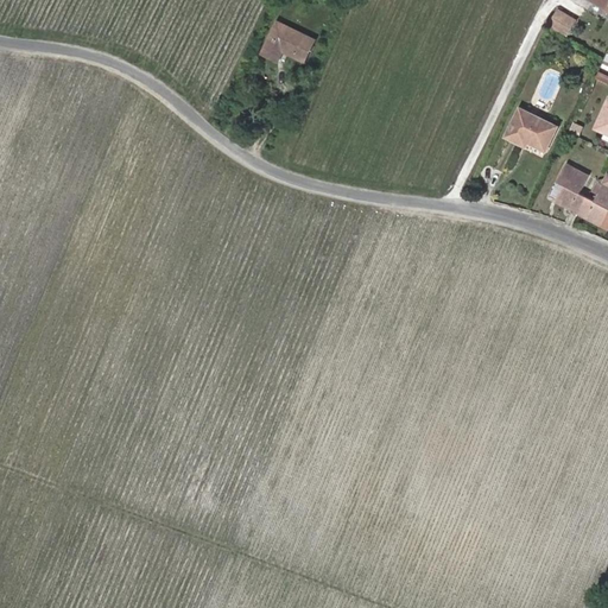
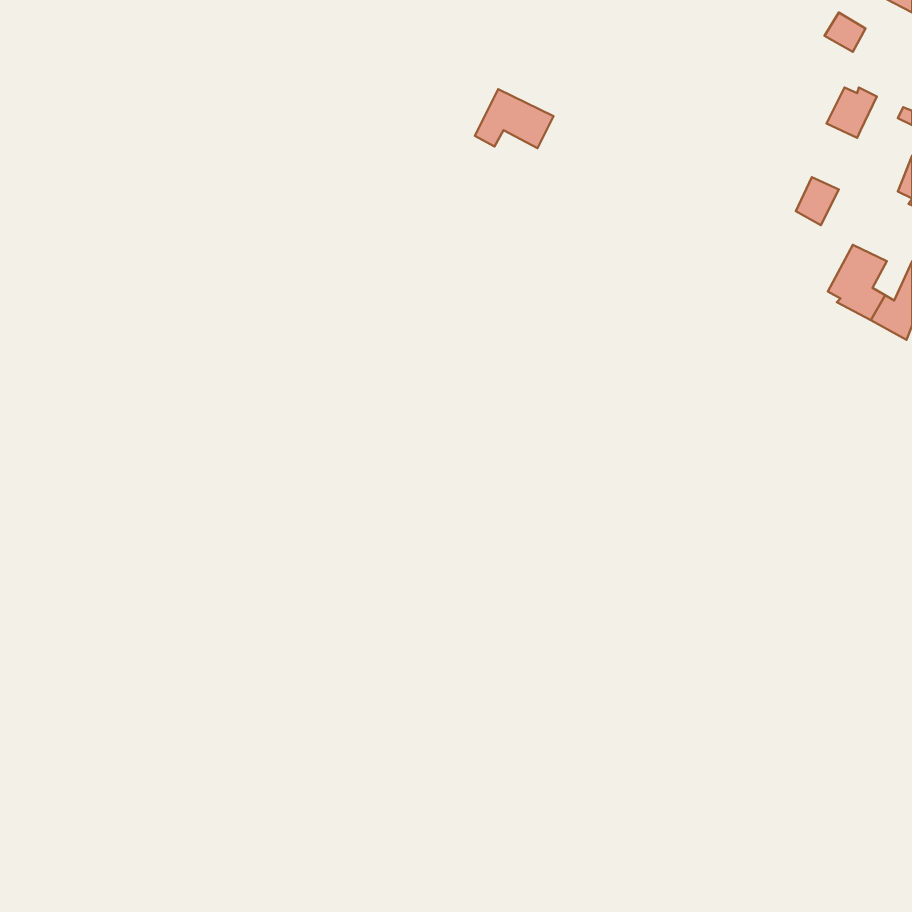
building: [262,21,315,61] -> [475,89,553,148]
building: [506,112,539,145] -> [827,88,877,138]

